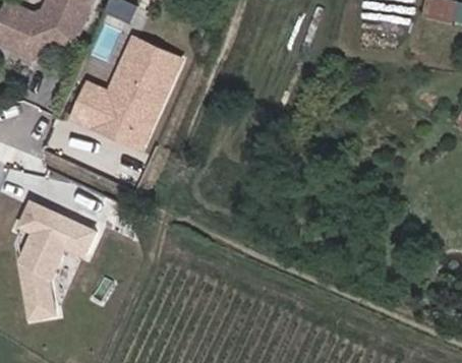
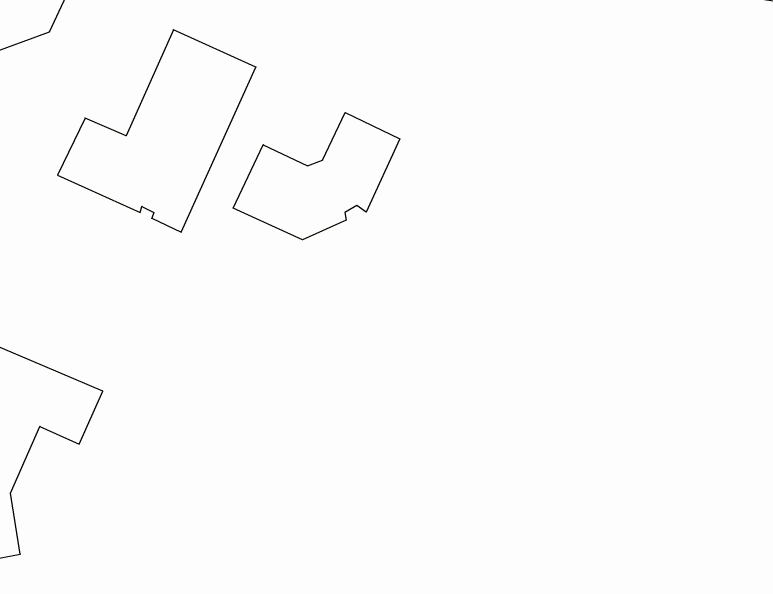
building: none -> [233,113,400,240]

